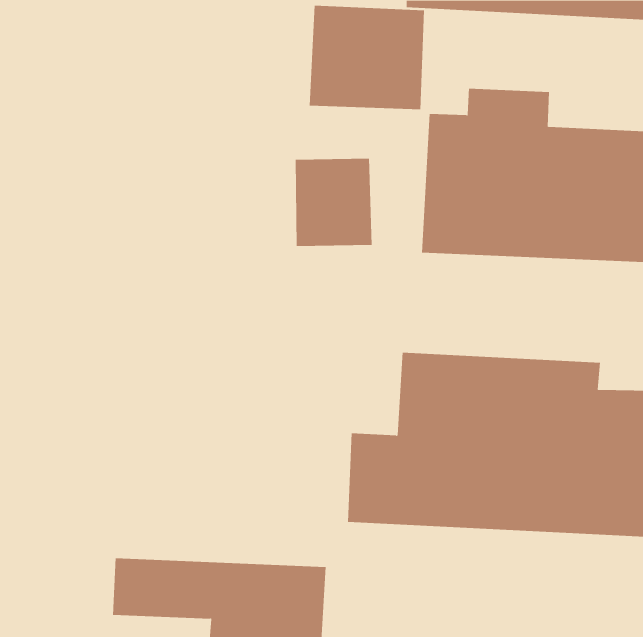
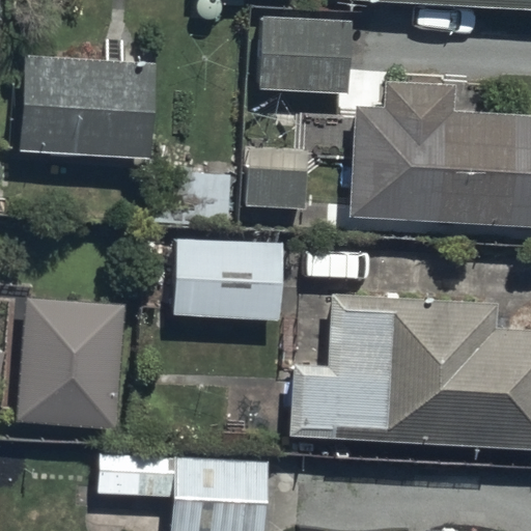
building: none -> [12,52,155,153]
building: none -> [169,237,285,323]
building: none -> [15,300,125,432]

